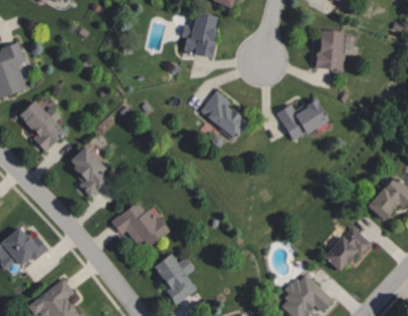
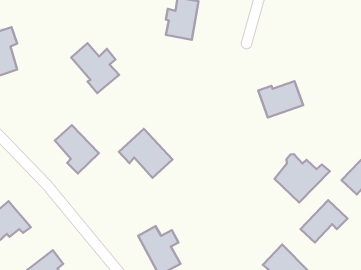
building: [316,31,347,72] -> none
building: [201,91,246,139] -> none
building: [17,100,67,152] -> [71,43,119,93]
building: none -> [274,154,330,203]
building: [113,199,169,250] -> [119,129,173,178]

